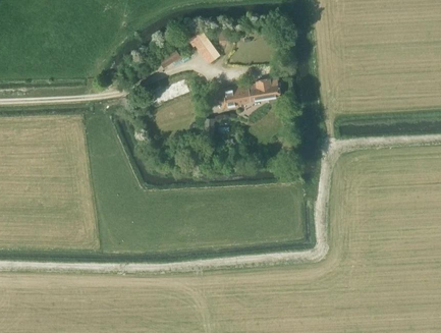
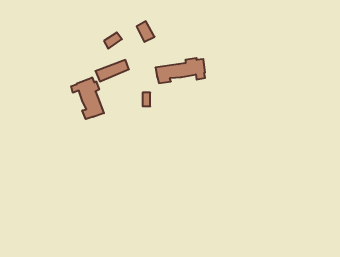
building: none -> [71,77,104,119]

